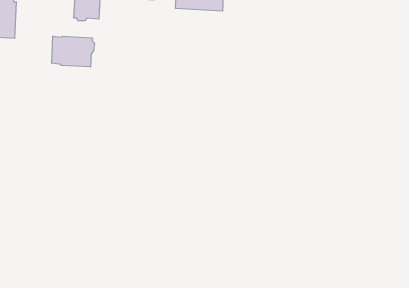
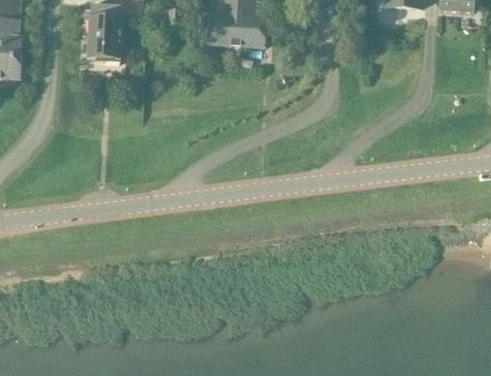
building: [52,36,94,67] -> none

